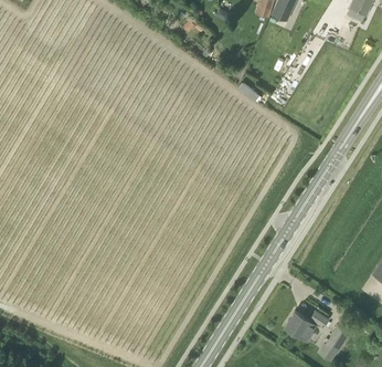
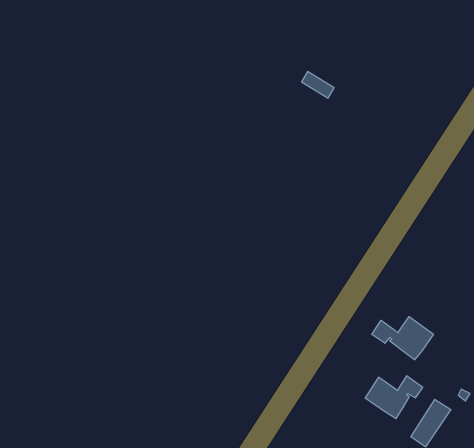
building: none -> [372,317,433,360]

